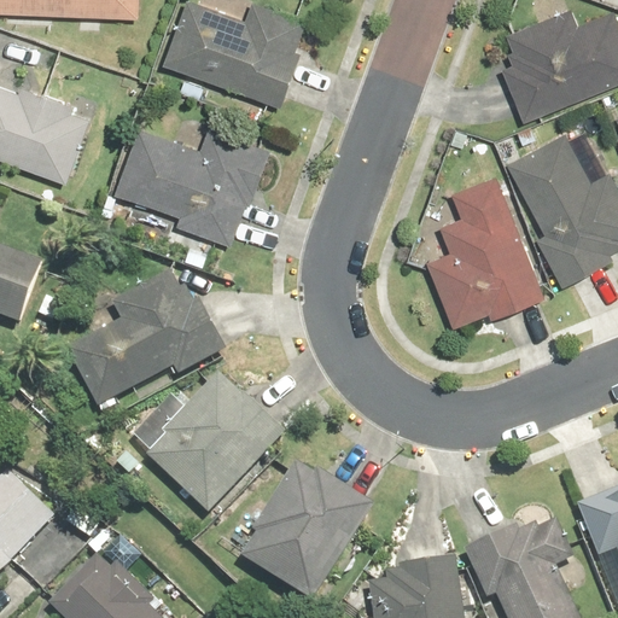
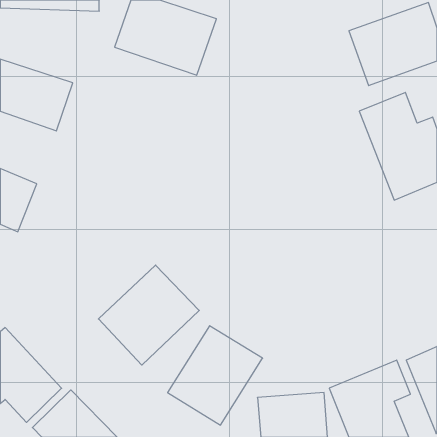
building: [107,116,268,247] -> none
building: [425,174,542,331] -> none
building: [59,272,221,412] -> none

